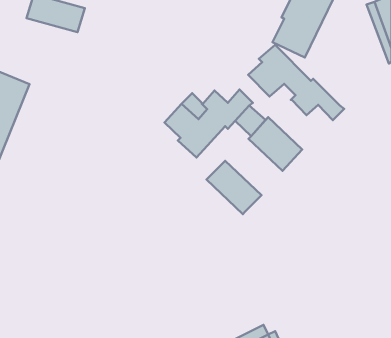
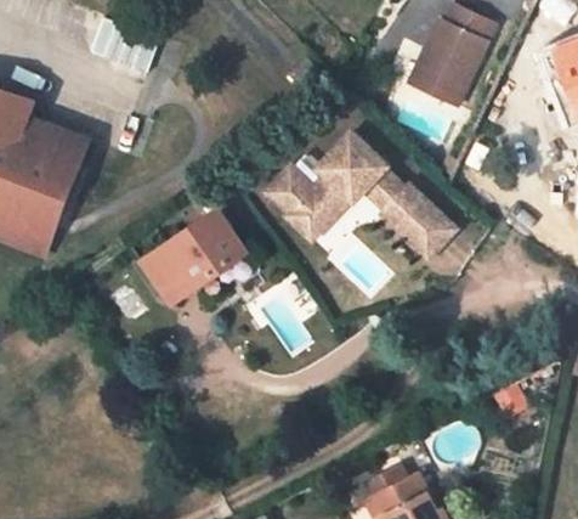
building: [248,45,344,120] -> none
building: none -> [141,210,245,303]
building: [206,161,261,214] -> none

